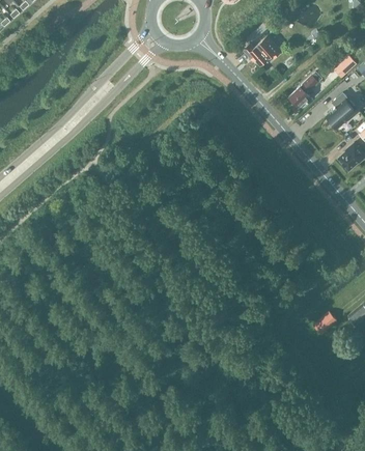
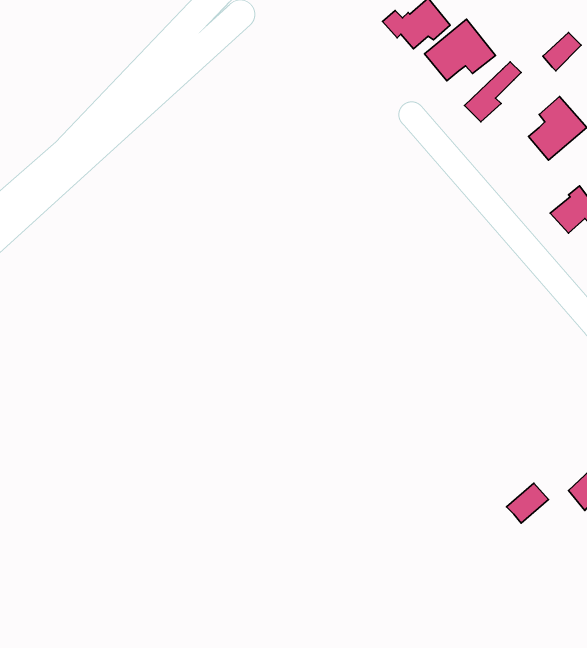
building: none -> [425,19,496,81]

